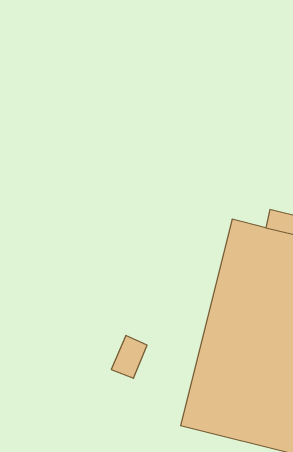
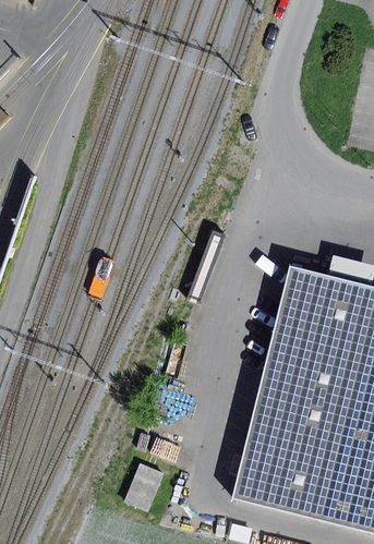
building: [111,336,147,378] -> [124,463,165,511]

